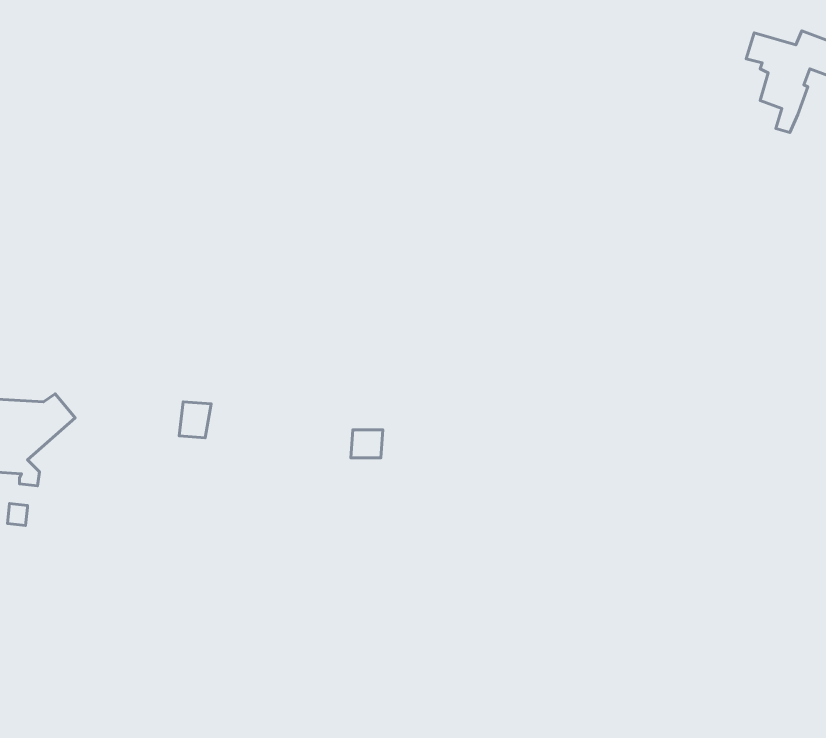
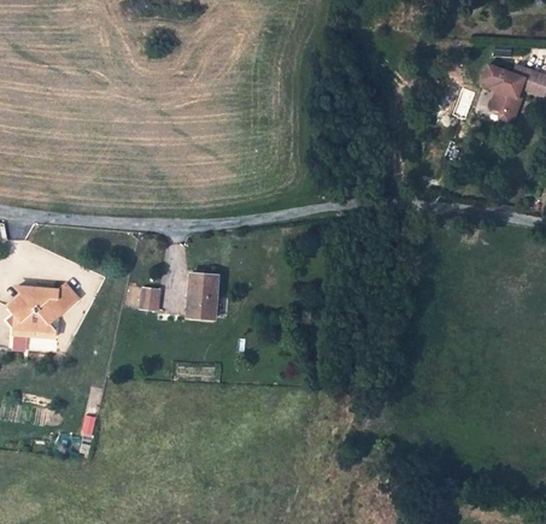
building: none -> [187,273,216,318]

